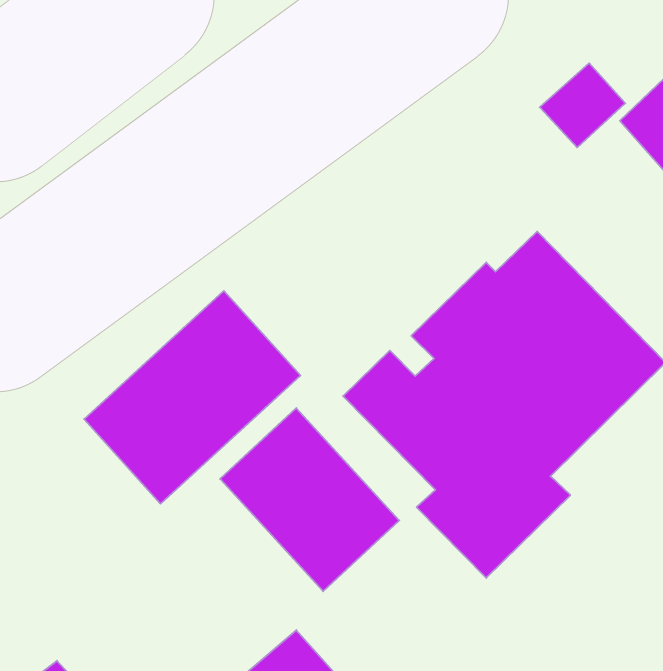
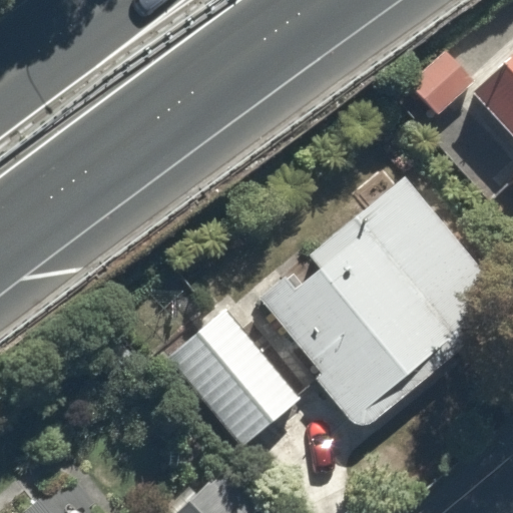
building: [84,291,300,504] -> none

